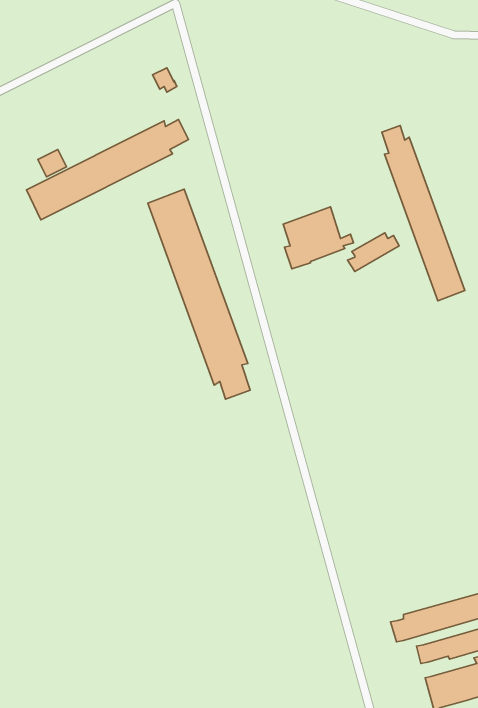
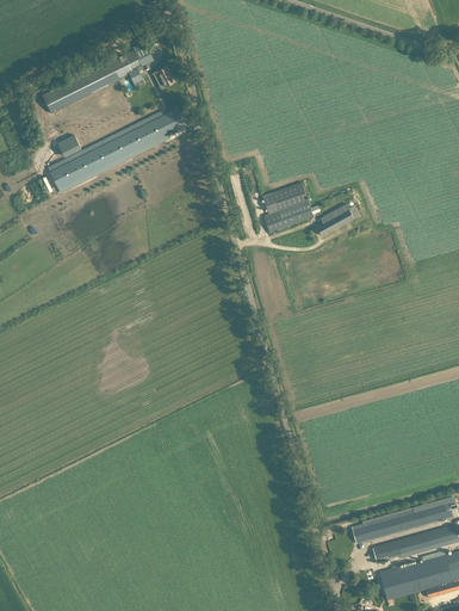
building: none -> [41,42,153,113]
building: [382,125,465,301] -> none
building: [148,189,250,399] -> none

